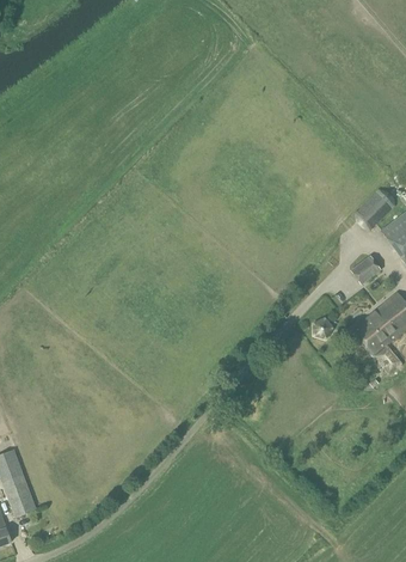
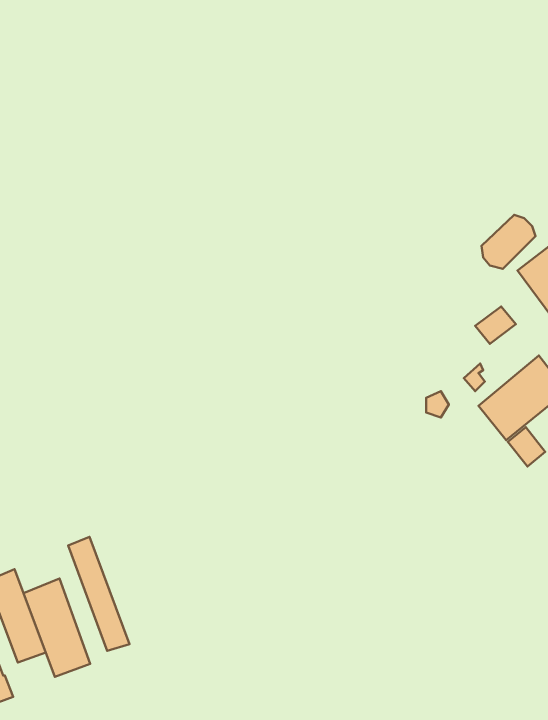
building: none -> [68,537,129,651]
building: none -> [24,578,90,677]

